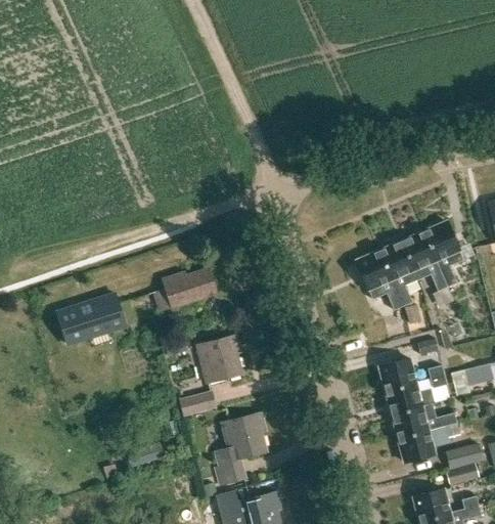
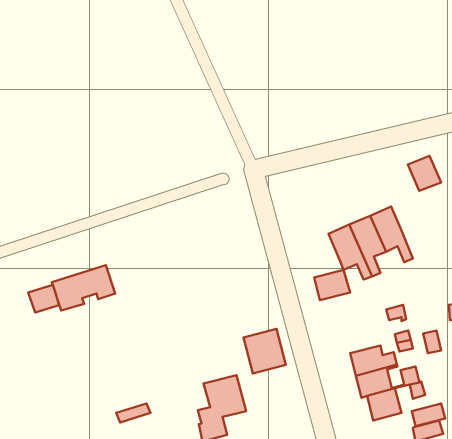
building: [424,222,460,260] -> [408,156,441,191]
building: [163,268,218,308] -> none
building: none -> [28,285,59,313]
building: [197,336,243,384] -> [243,329,286,373]
building: [374,357,413,390] -> [314,270,350,300]
building: [181,390,218,417] -> none

